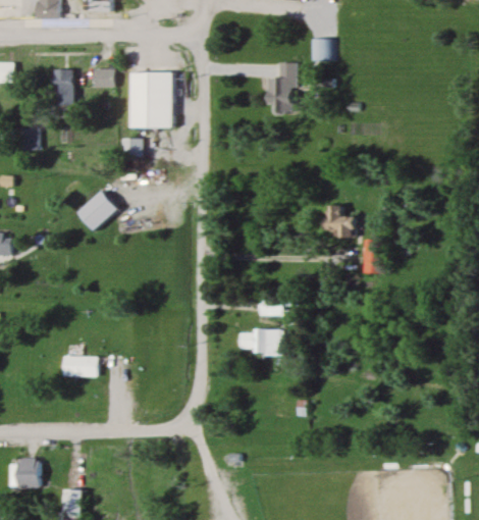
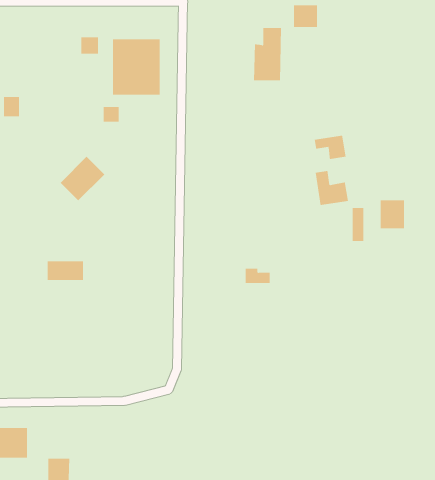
building: [53,70,73,107] -> none
building: none -> [314,135,346,160]
building: none -> [380,199,404,229]
building: [238,328,282,355] -> none
building: [59,356,96,375] -> [47,261,84,280]

